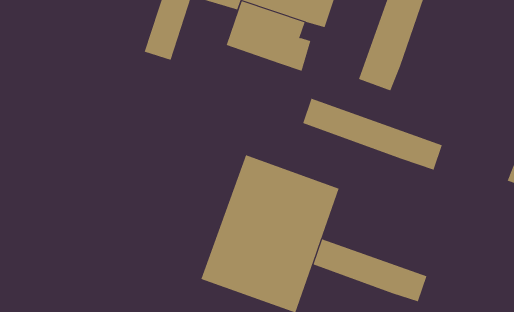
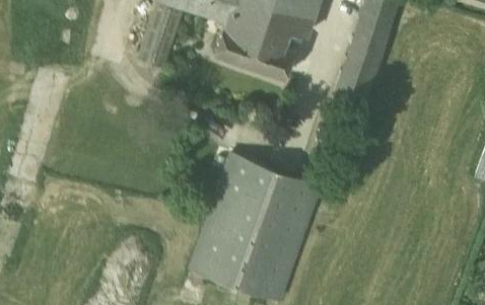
building: [303,98,443,171] -> none
building: [313,238,427,302] -> none

